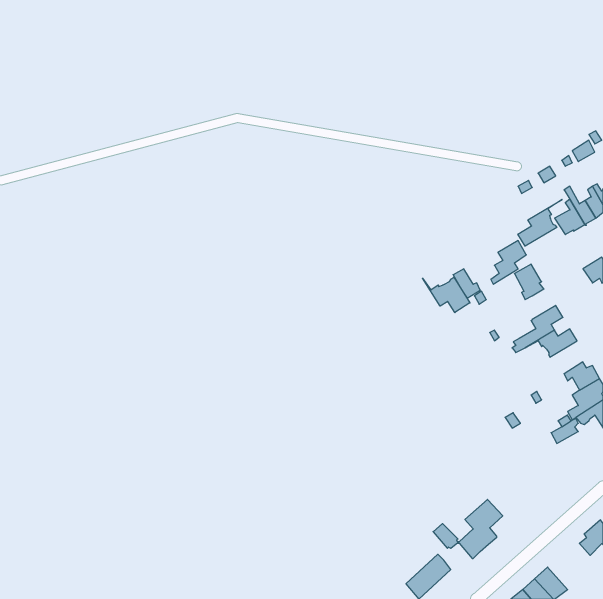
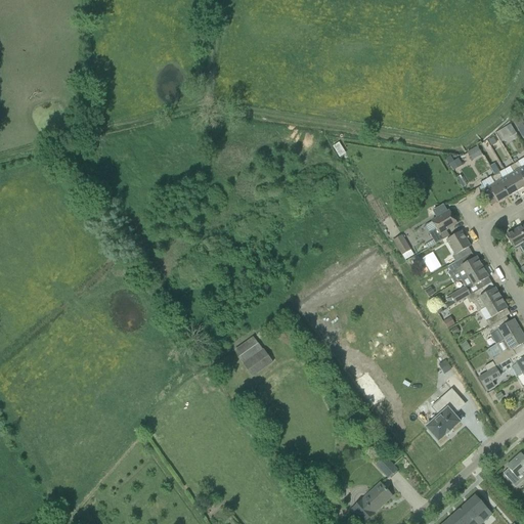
building: [518,199,562,246] -> none
building: [422,277,470,313] -> none
building: none -> [447,255,482,277]
building: none -> [477,296,508,324]
building: none -> [238,341,272,375]
building: [458,499,503,558] -> [426,388,465,439]

